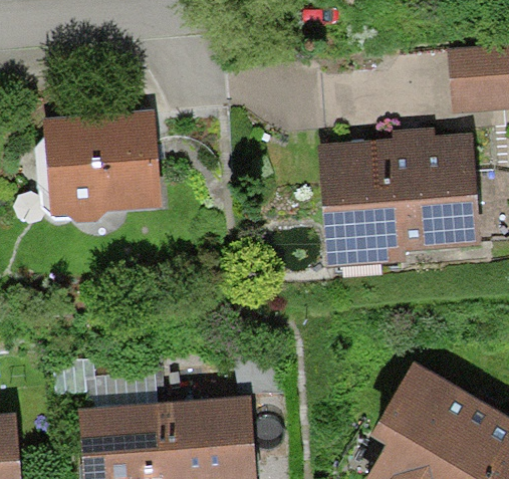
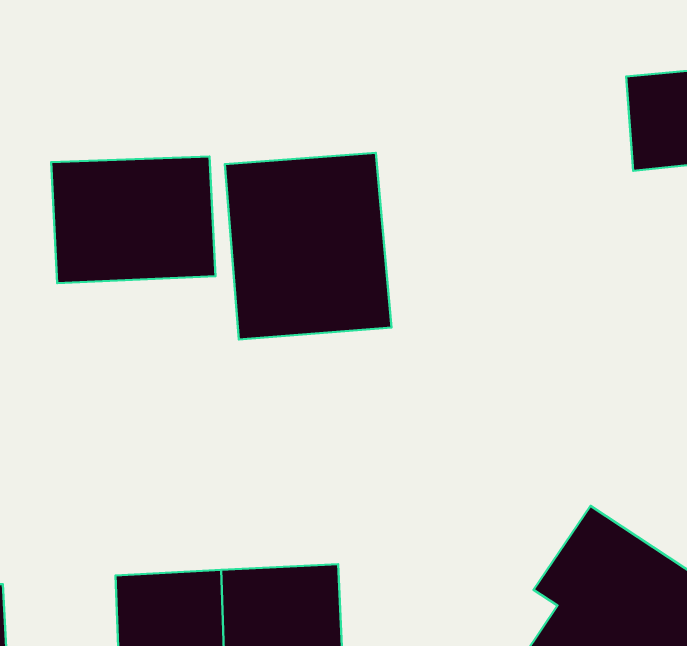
building: none -> [225,153,392,339]
building: [323,146,477,271] -> none

